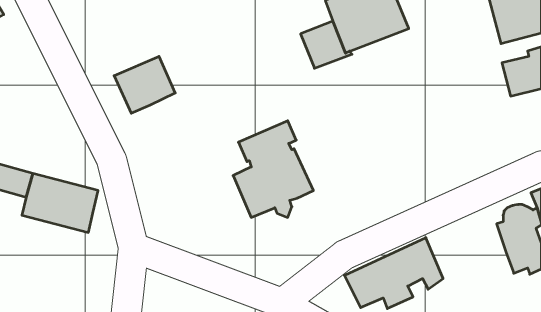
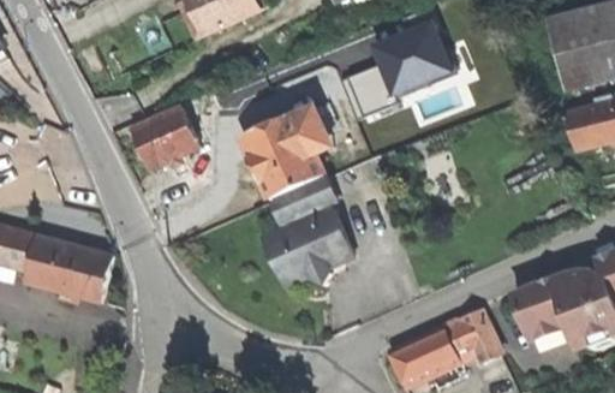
building: none -> [241,106,323,197]
building: none -> [512,278,569,340]

